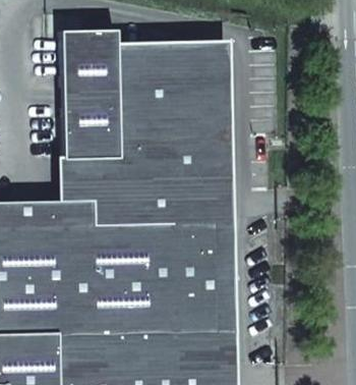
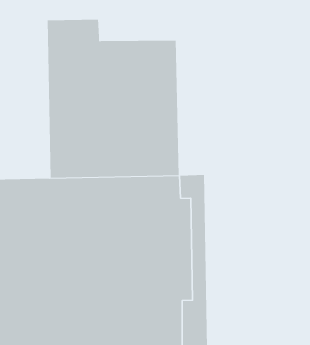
building: [118,47,231,198] -> none

